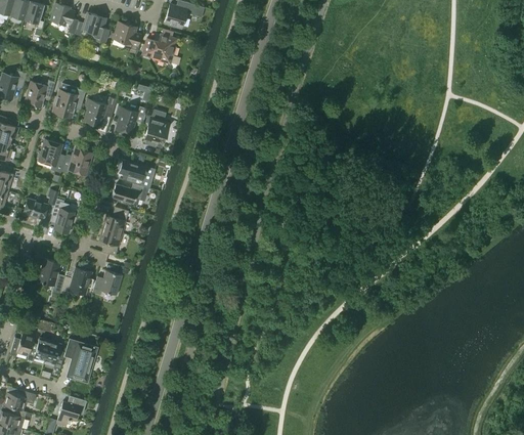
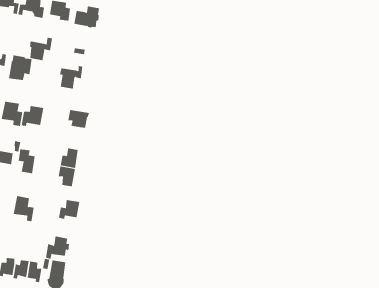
building: [84,97,116,126] -> [29,37,53,61]
building: [143,115,168,147] -> none
building: [112,183,147,205] -> none
building: [59,267,92,296] -> [45,236,70,260]

